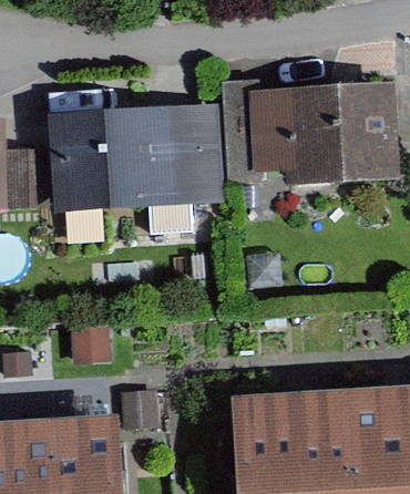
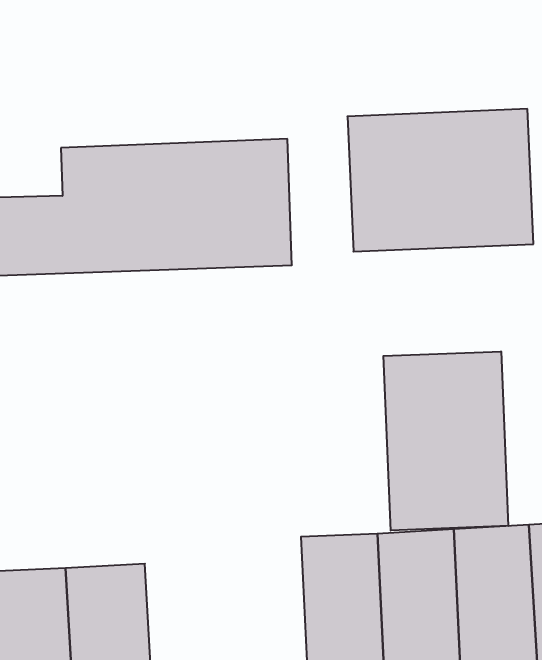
building: none -> [383,351,508,531]

